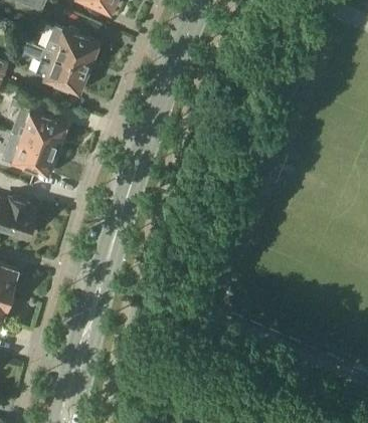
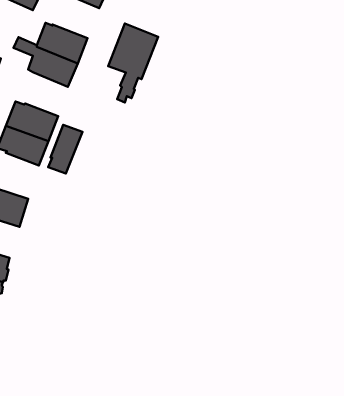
building: none -> [108,24,158,102]
building: none -> [48,125,82,174]

